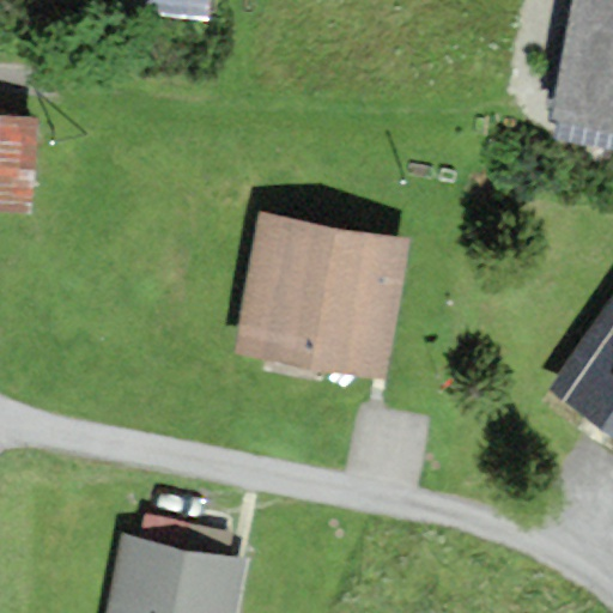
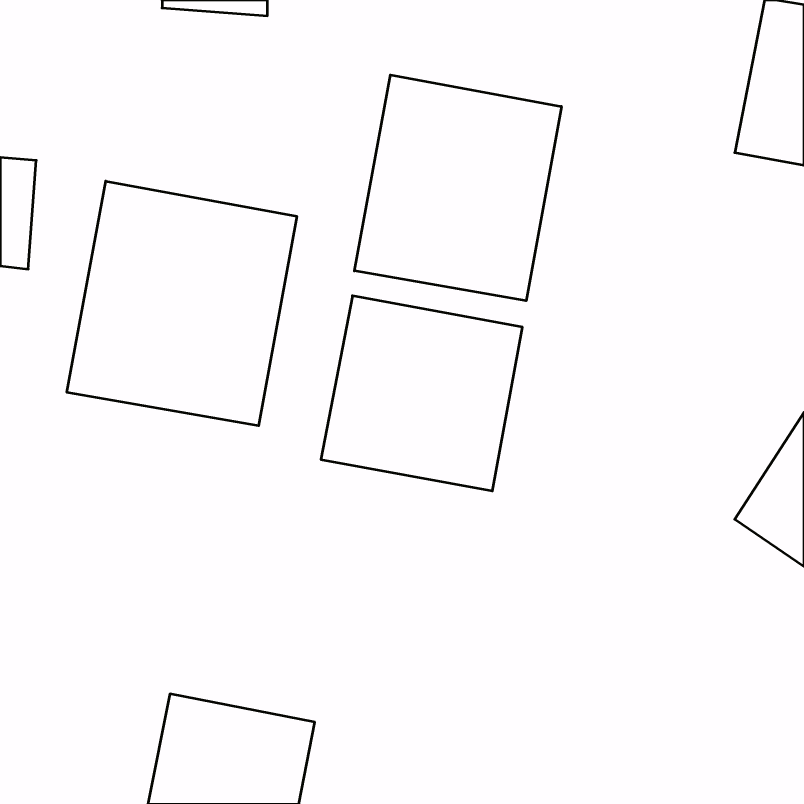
building: none -> [354,75,561,301]
building: none -> [67,181,297,426]

